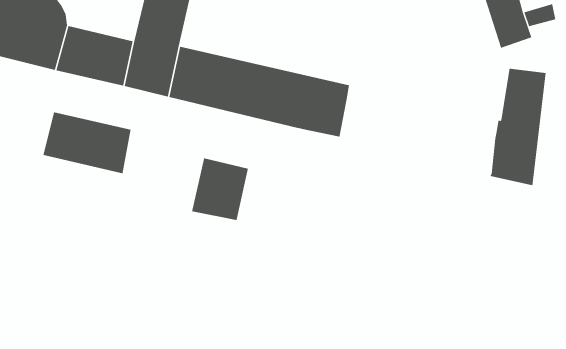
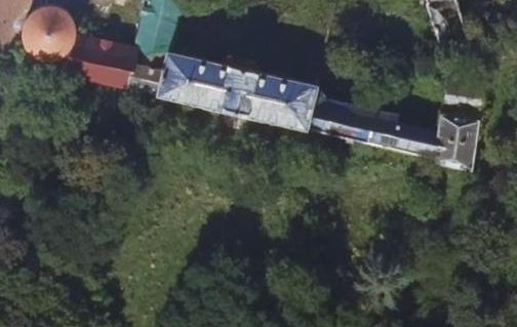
building: none -> [307,98,437,160]
building: [43,112,131,174] -> none
building: [191,157,248,221] -> none

